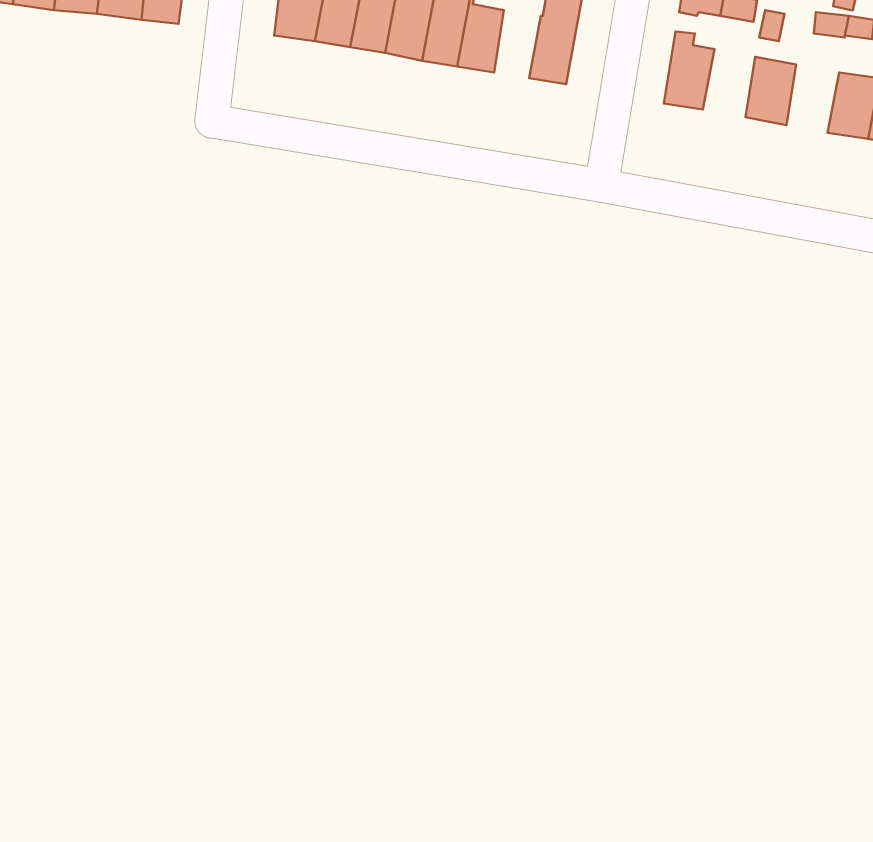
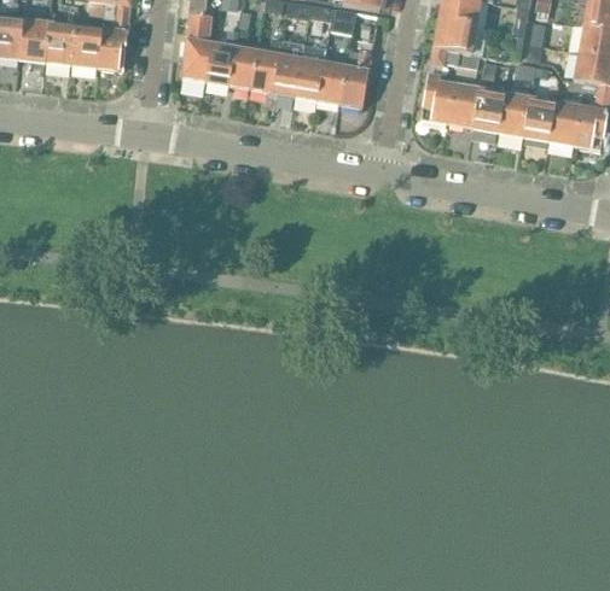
building: none -> [316,60,345,103]
building: none -> [446,84,478,127]
building: none -> [498,94,530,136]

